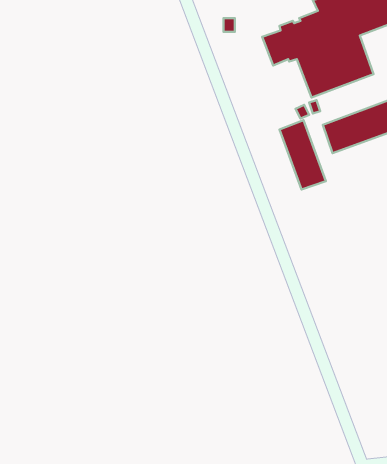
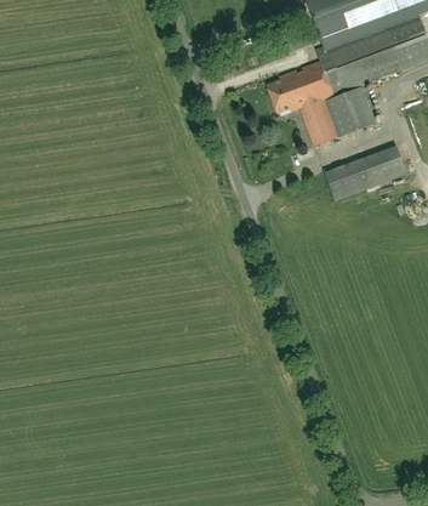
building: [280,120,326,190] -> none

